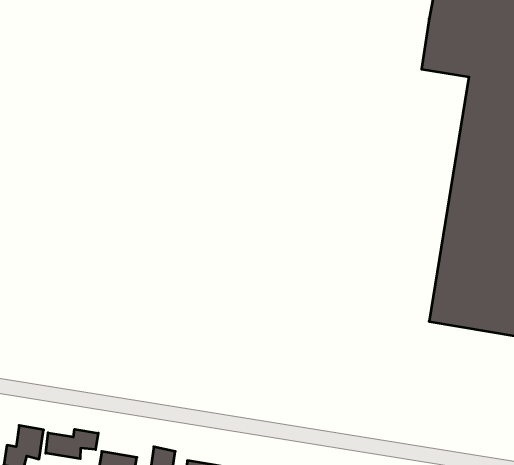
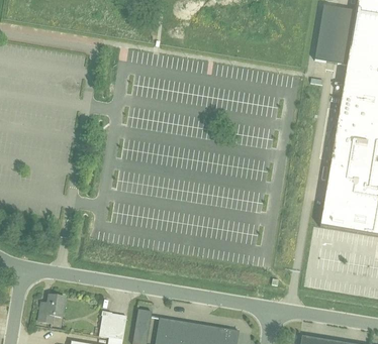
building: [46,429,98,459] -> none

